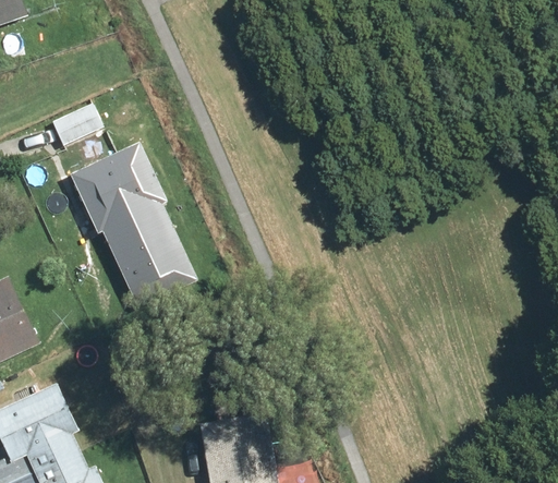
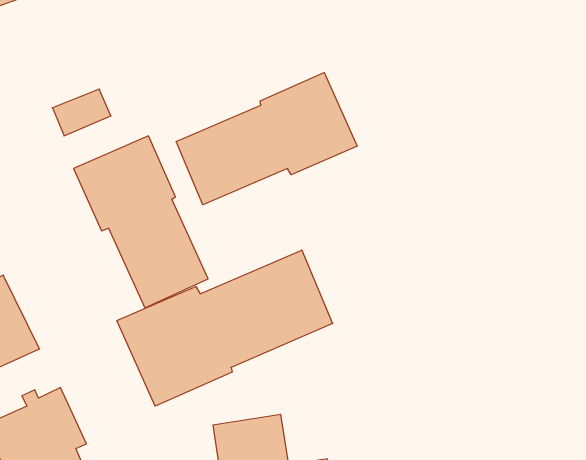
building: none -> [176,73,357,205]
building: none -> [117,250,333,406]

